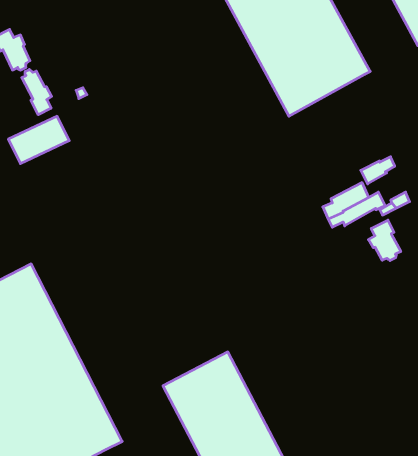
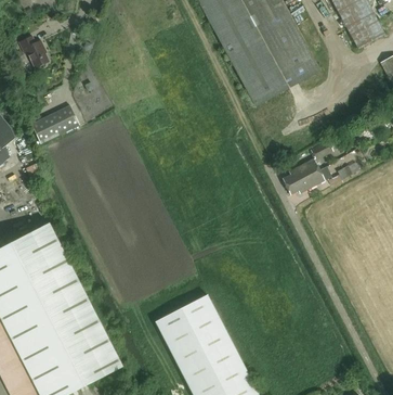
building: [22,69,52,115] -> none
building: [368,220,401,261] -> none

